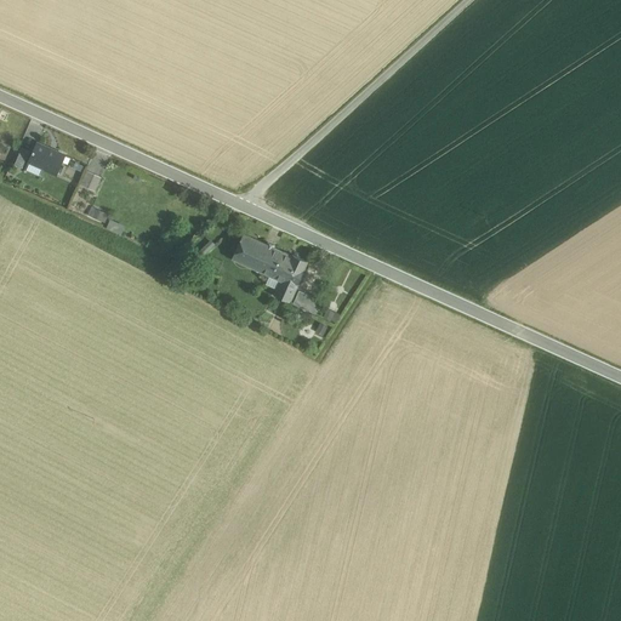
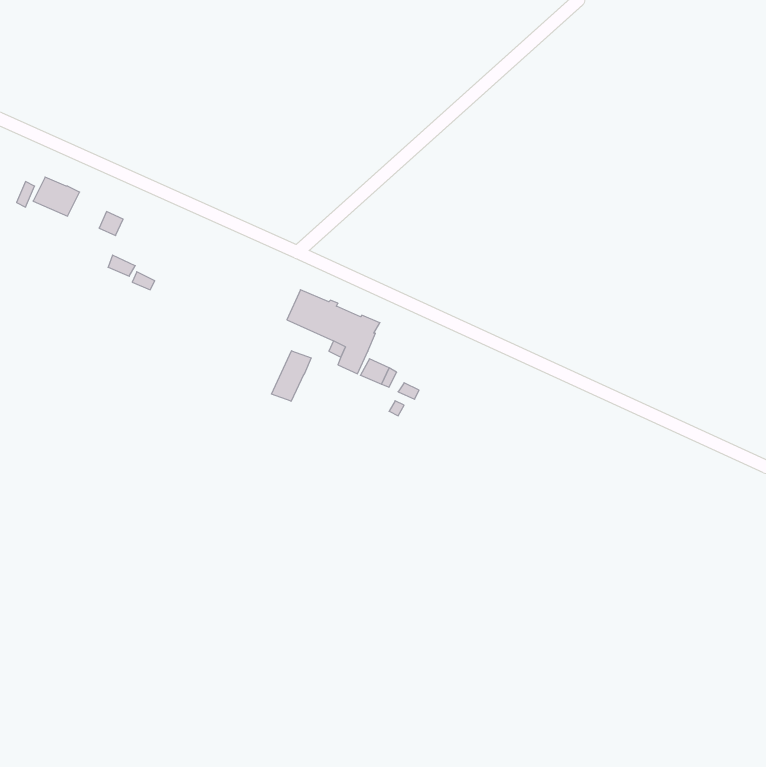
building: none -> [271,351,311,401]

